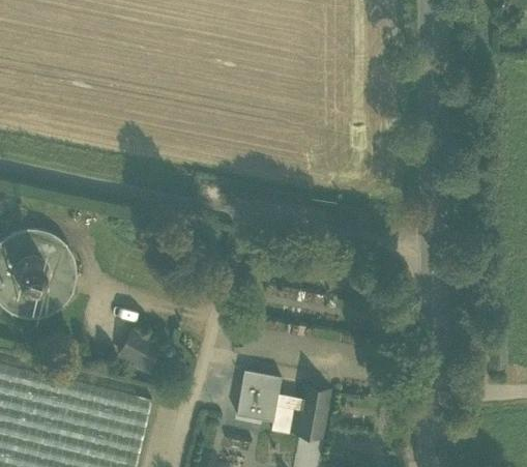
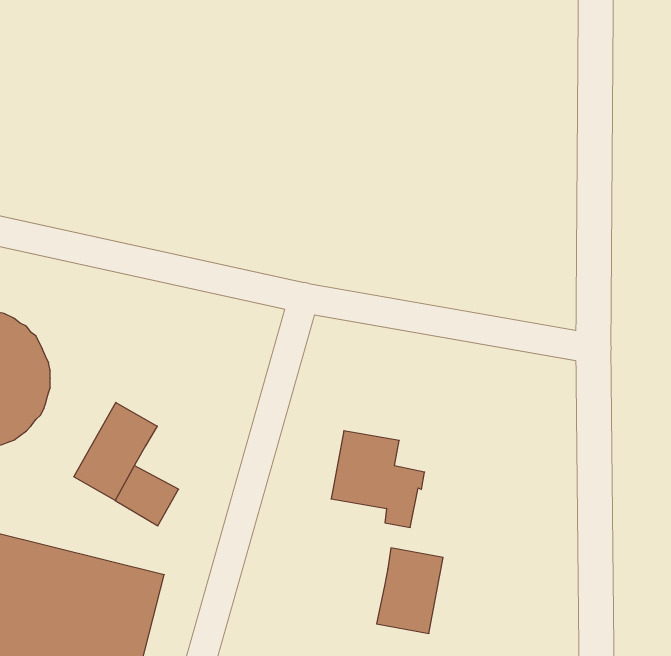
building: none -> [74,402,157,500]
building: [235,371,296,434] -> [331,431,425,527]

